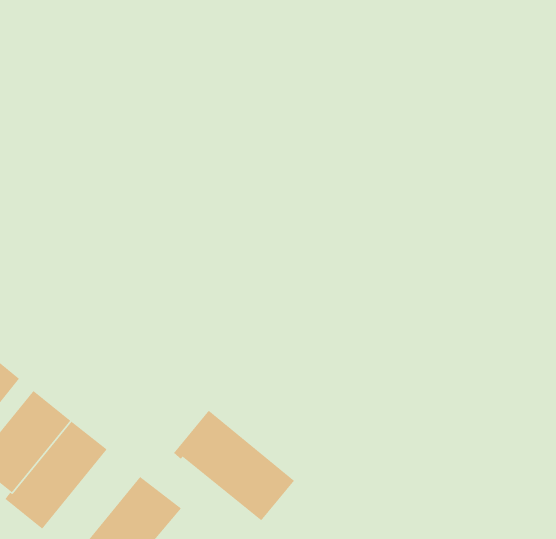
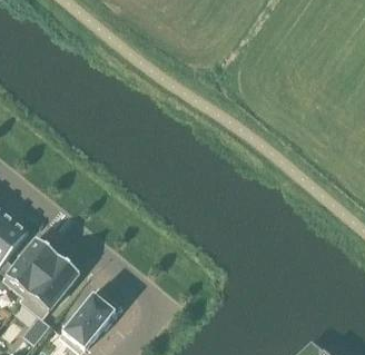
building: [173,410,295,521] -> none

